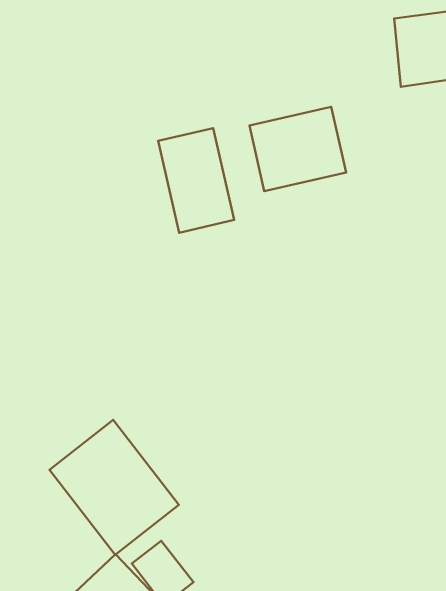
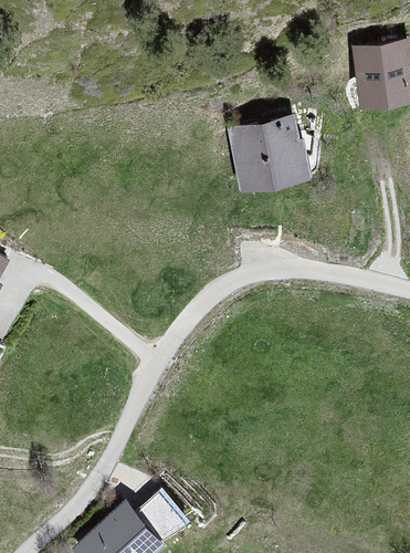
building: [158,128,234,233] -> none
building: [49,420,179,555] -> none

